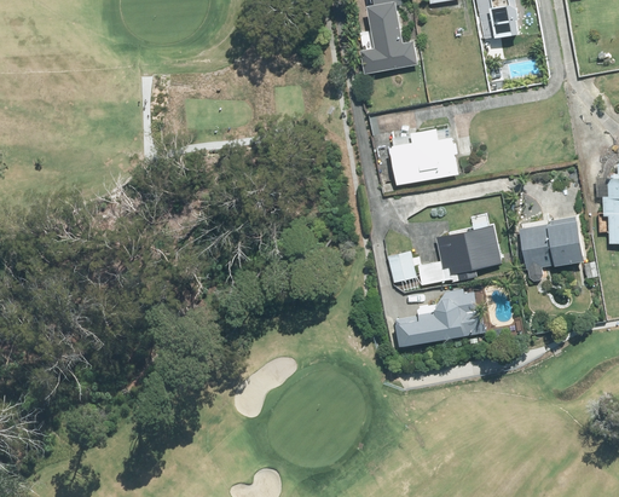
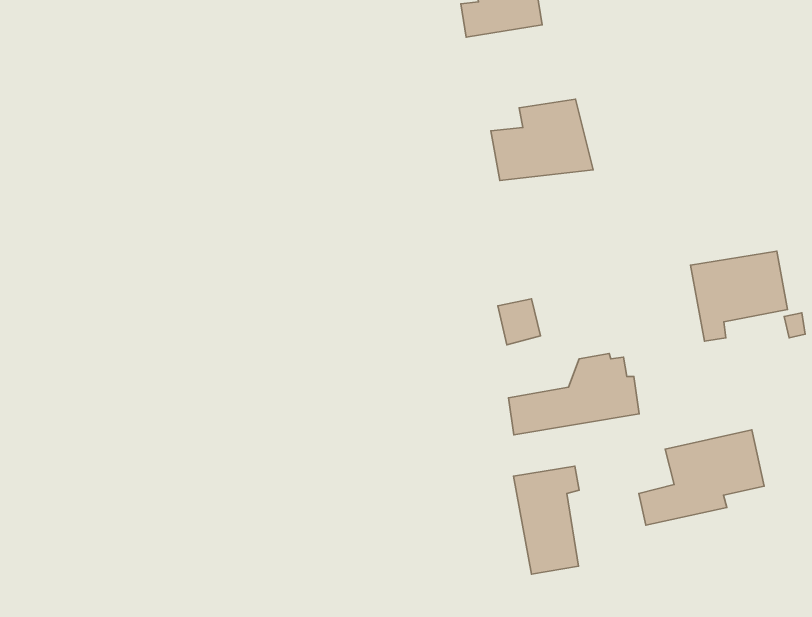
building: [418,225,504,290] -> [639,430,764,525]
building: none -> [514,466,579,574]

